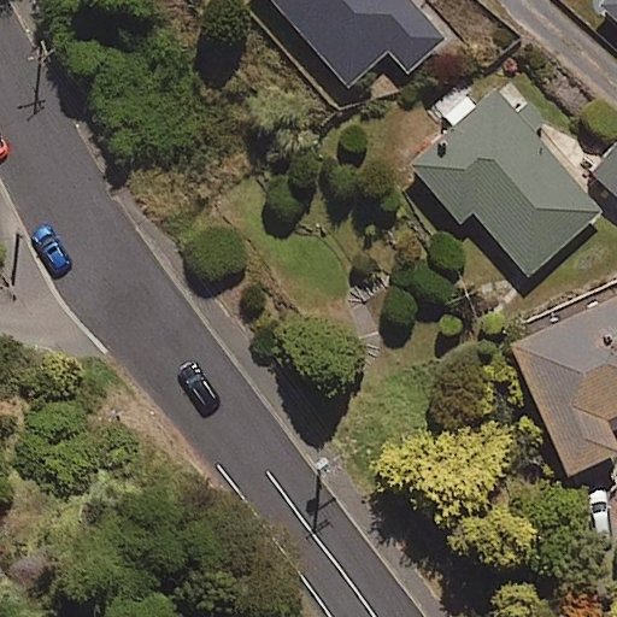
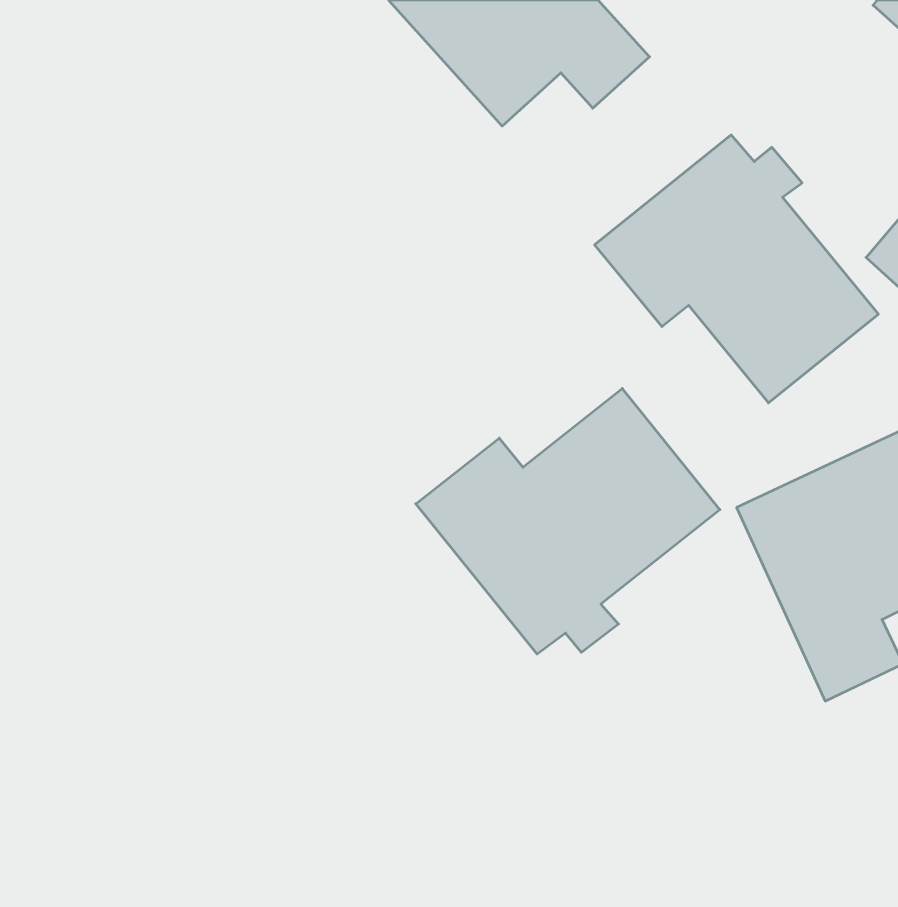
building: none -> [416,388,720,654]

